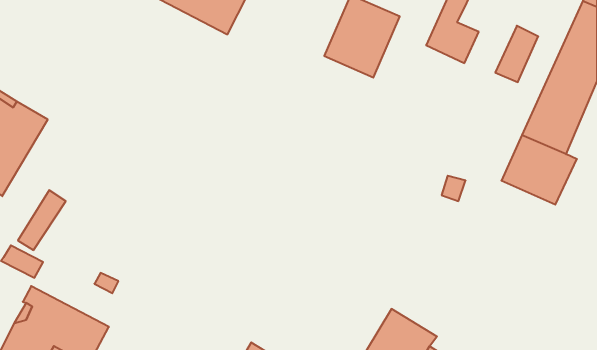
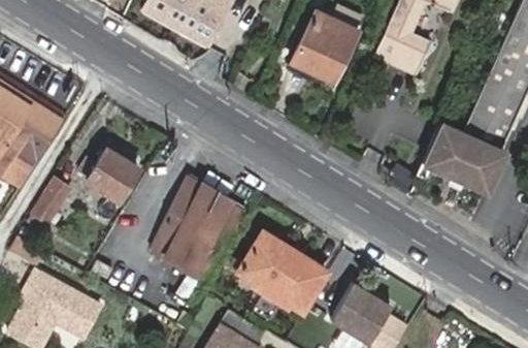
building: [495,26,538,82] -> [425,123,462,171]
building: none -> [79,150,137,201]
building: none -> [148,179,248,287]
building: none -> [239,234,326,311]

